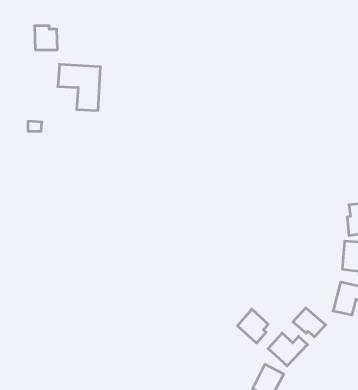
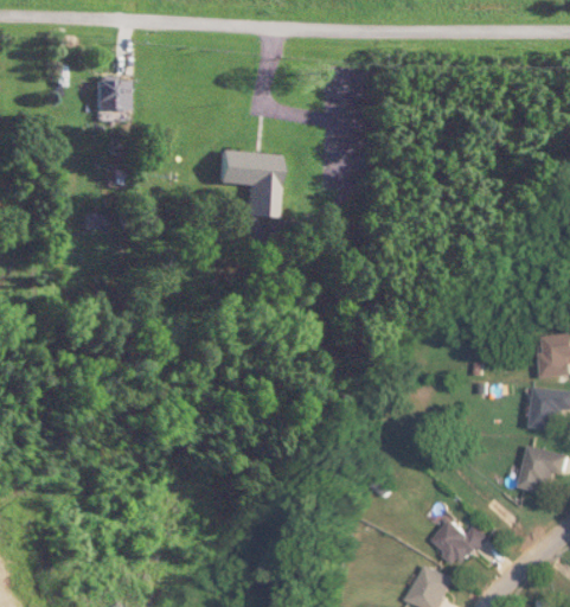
building: [58,64,101,110] -> [214,151,276,217]
building: [293,308,326,337] -> none
building: [238,309,268,343] -> none

